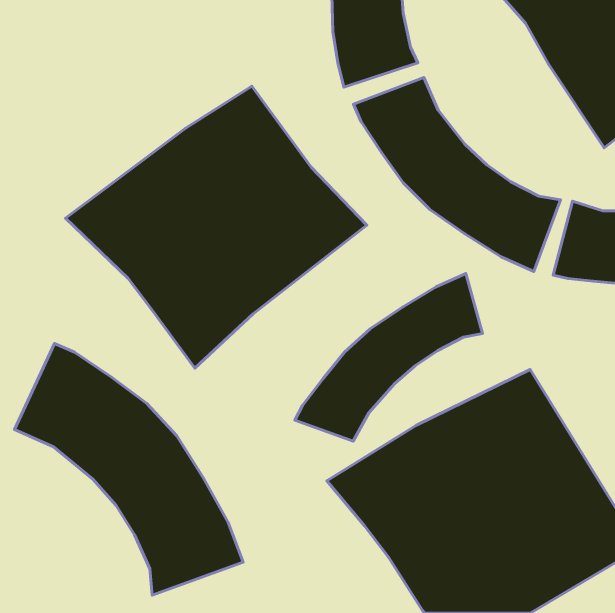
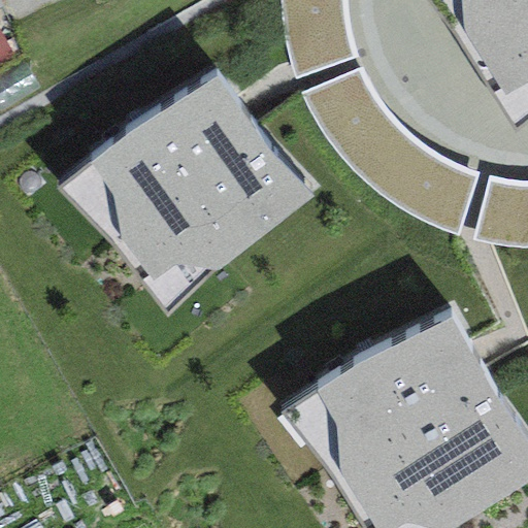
building: [295,274,483,441] -> none
building: [15,344,243,595] -> none

